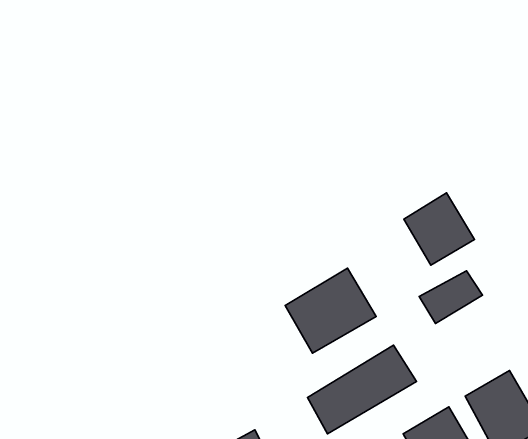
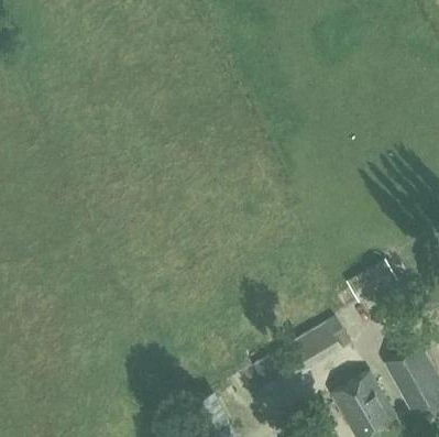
building: [404,193,475,265] -> none
building: [285,268,376,353] -> none

